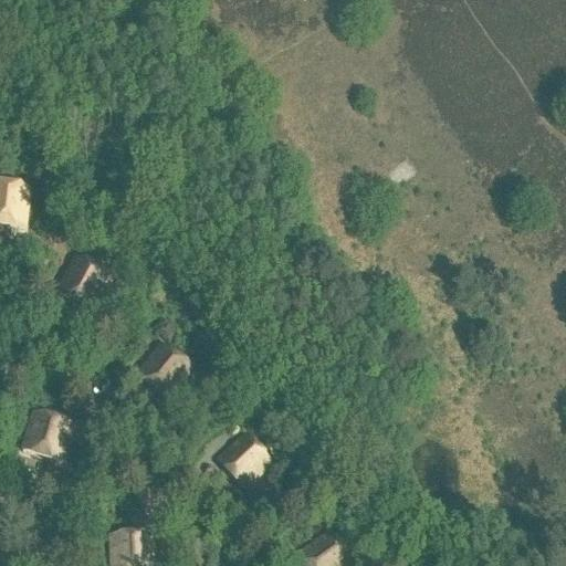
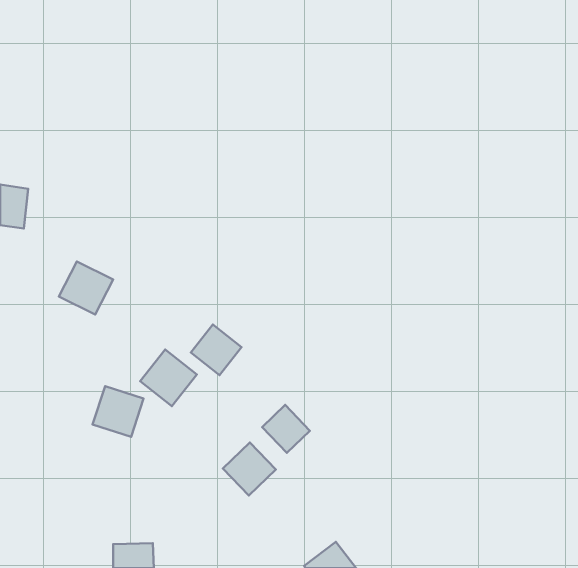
building: none -> [191,325,242,375]
building: none -> [262,405,310,453]
building: [22,409,72,459] -> [93,386,144,437]

